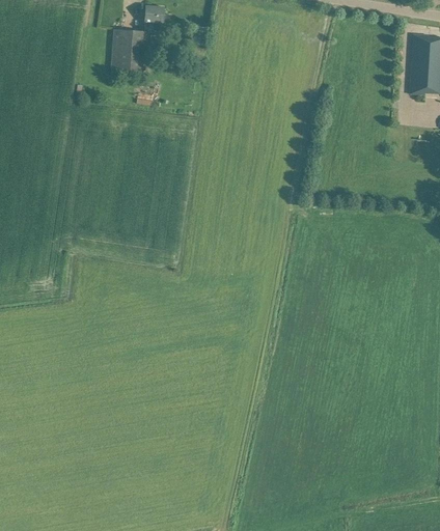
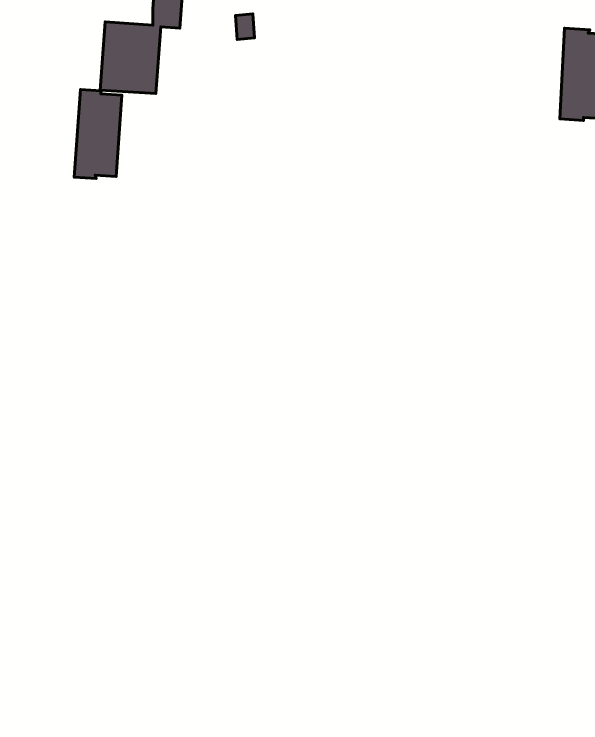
building: none -> [74,90,122,179]

